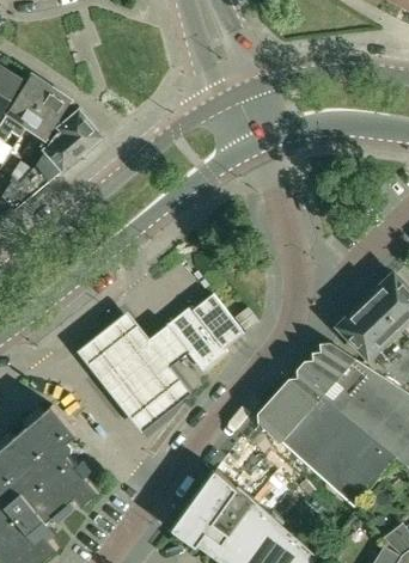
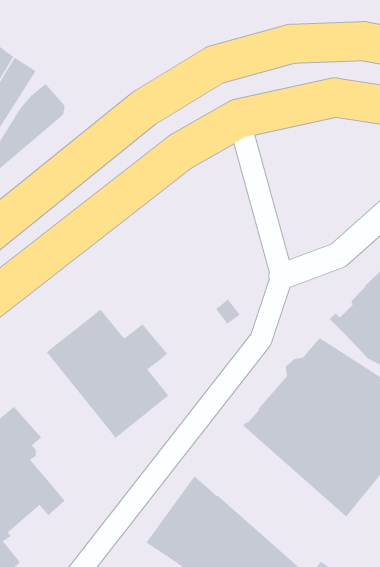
building: [164,293,242,371] -> none

